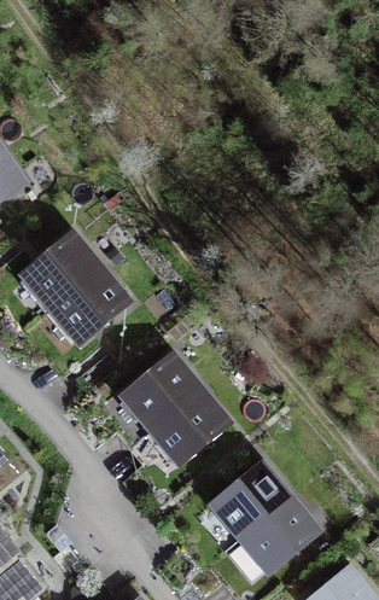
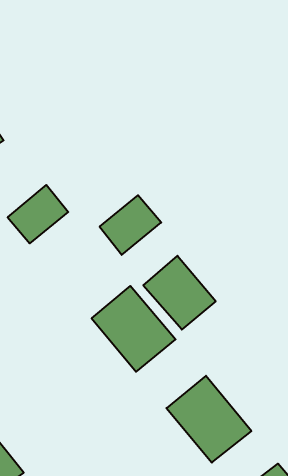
building: [51,272,124,343] -> [100,195,161,255]
building: none -> [143,256,216,330]

